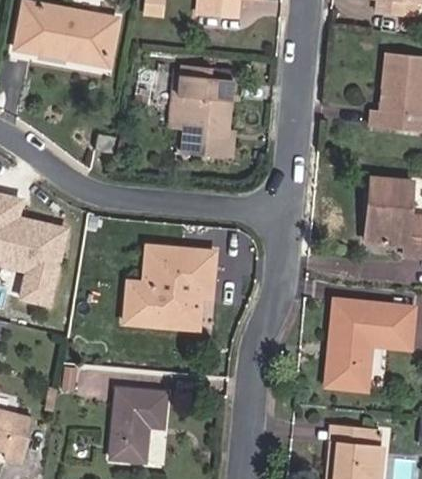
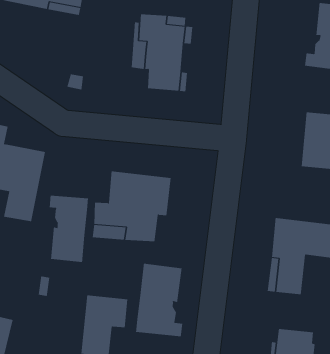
building: none -> [49,195,88,263]
building: none -> [135,263,183,337]

